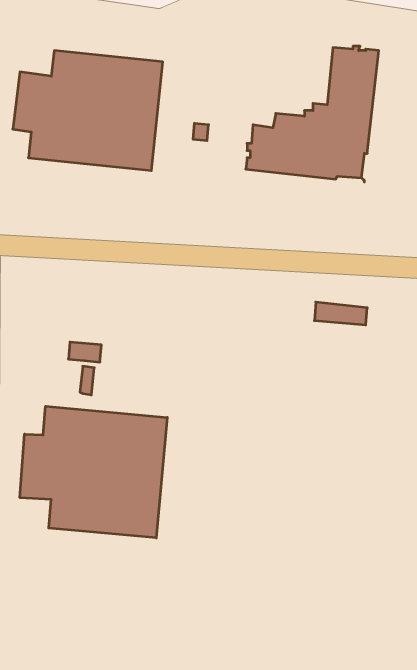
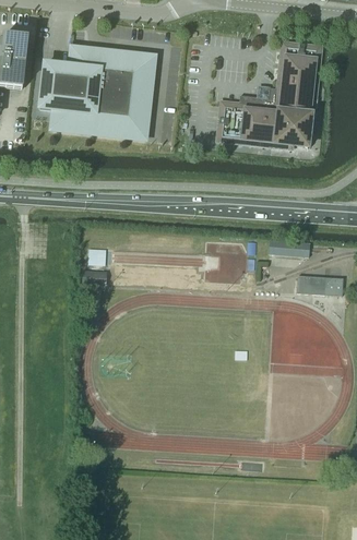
building: none -> [296,273,343,292]
building: [20,406,167,538] -> none

